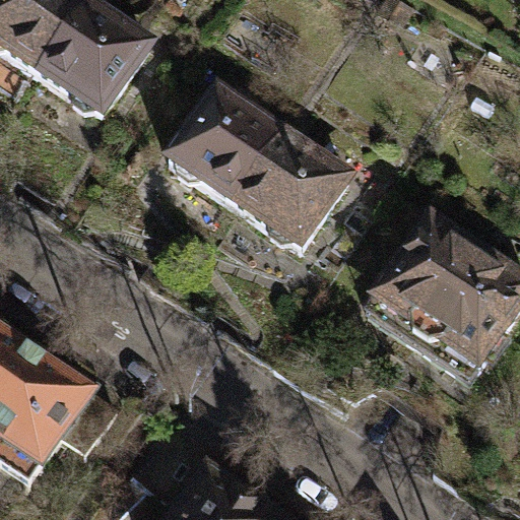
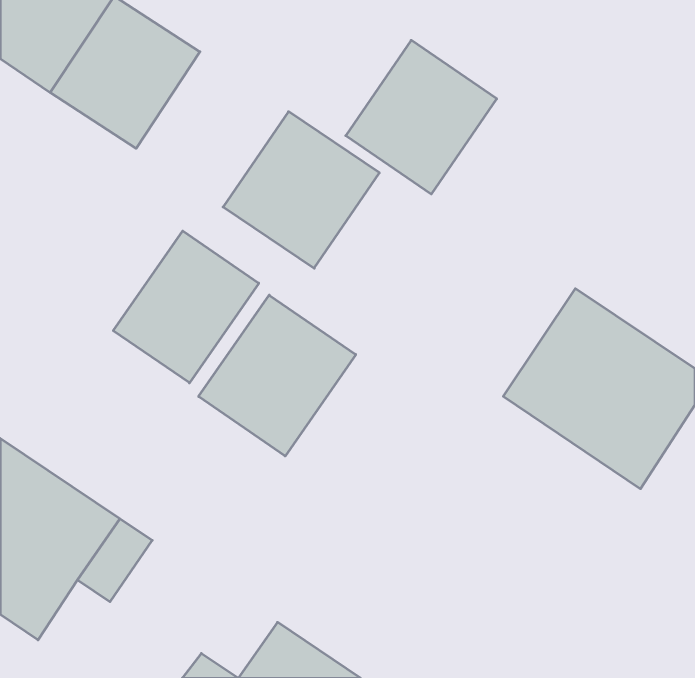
building: [235,129,347,244] -> [346,40,497,194]
building: none -> [113,231,259,383]
building: none -> [199,295,356,456]

